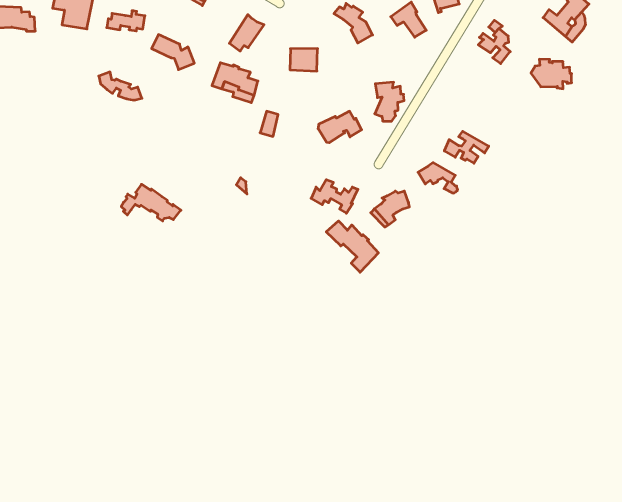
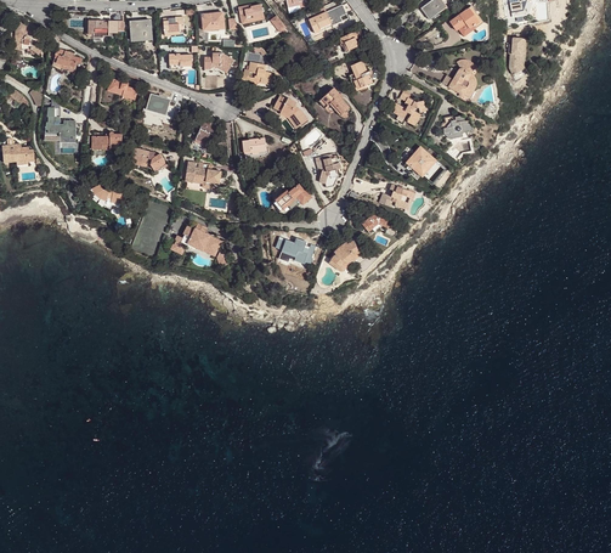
building: none -> [404,149,441,181]
building: [121,184,181,221] -> [174,226,222,253]
building: [326,221,378,272] -> none

